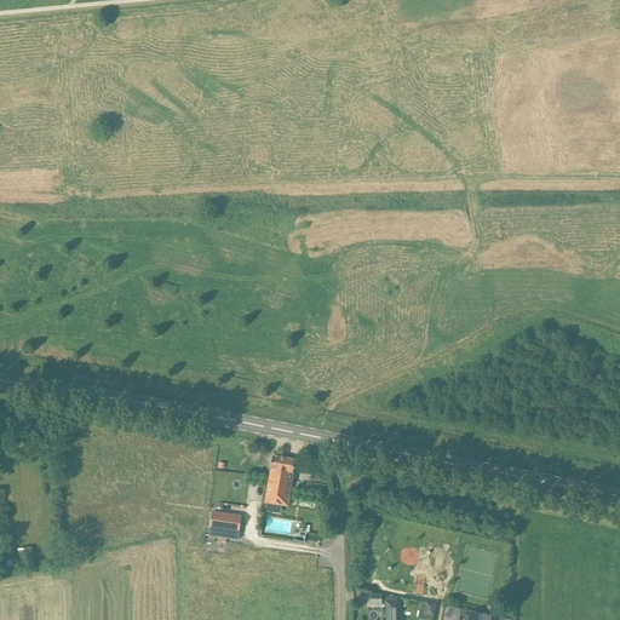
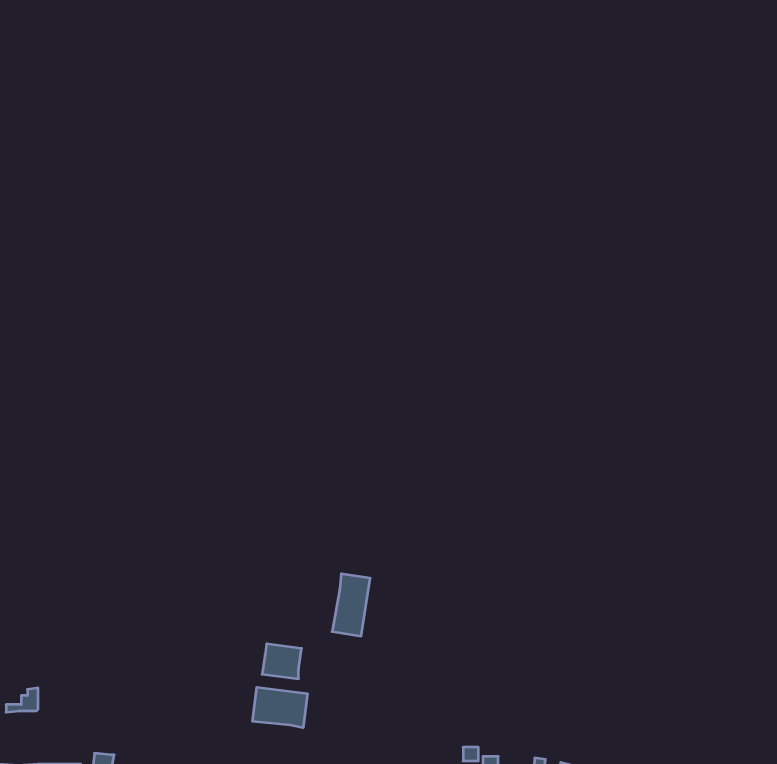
building: none -> [253,687,307,728]

